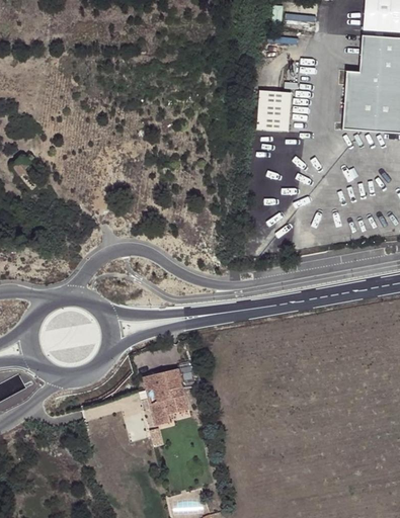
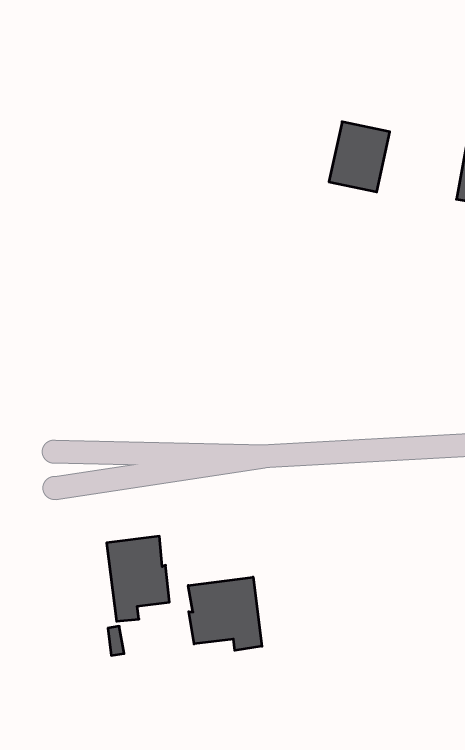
building: none -> [188,577,262,650]

